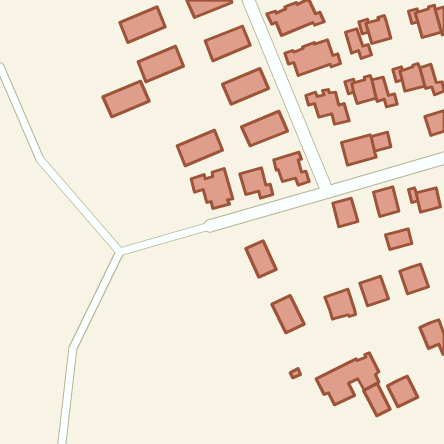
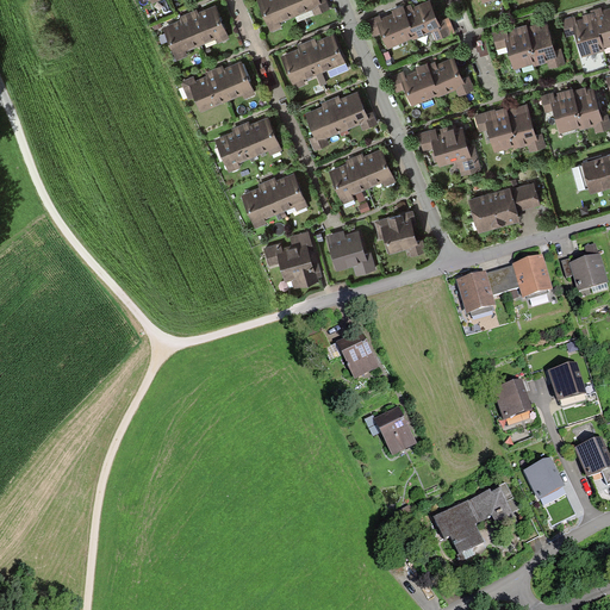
building: [345,29,372,58] -> [529,23,565,63]
building: [103,81,149,117] -> [217,120,280,169]
building: [386,229,412,250] -> [481,263,517,292]
building: [325,289,355,319] -> none
building: [387,376,418,407] -> [524,459,566,500]
building: [364,384,390,416] -> none

